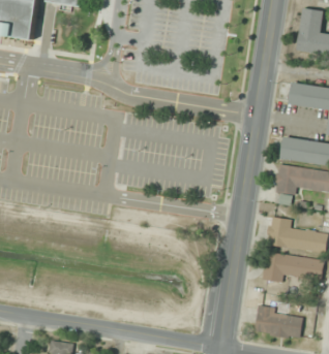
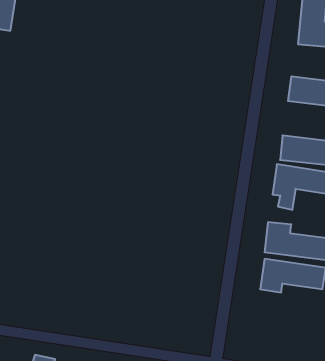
building: [253,299,302,339] -> none

